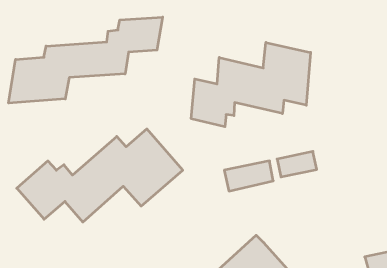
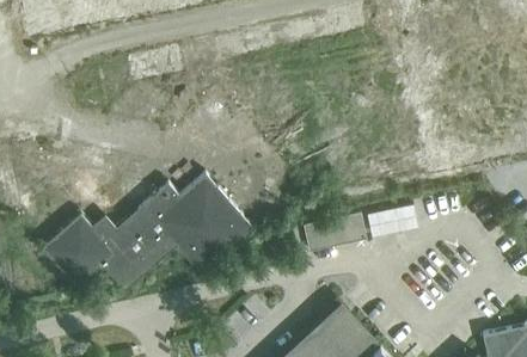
building: [9,17,163,103] -> none
building: [191,42,311,127] -> none

